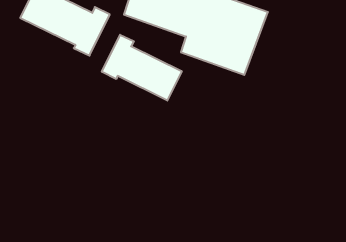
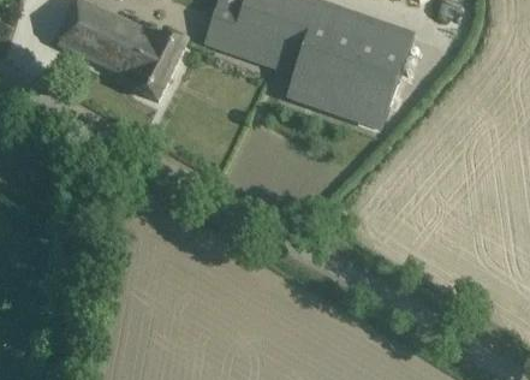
building: [102,35,182,101] -> none

